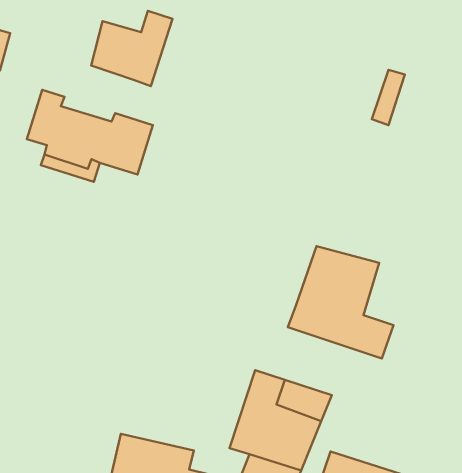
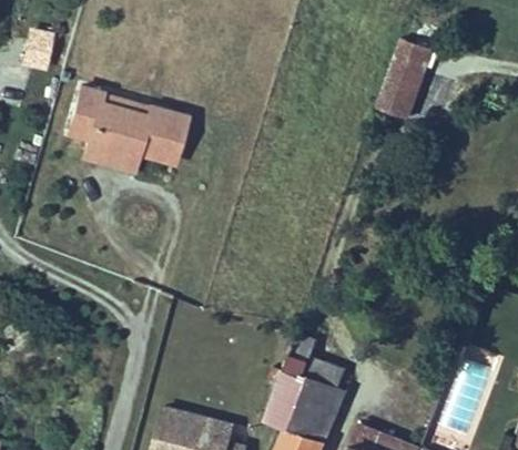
building: [91,11,172,86] -> none
building: none -> [377,38,434,114]
building: [288,246,394,358] -> none

